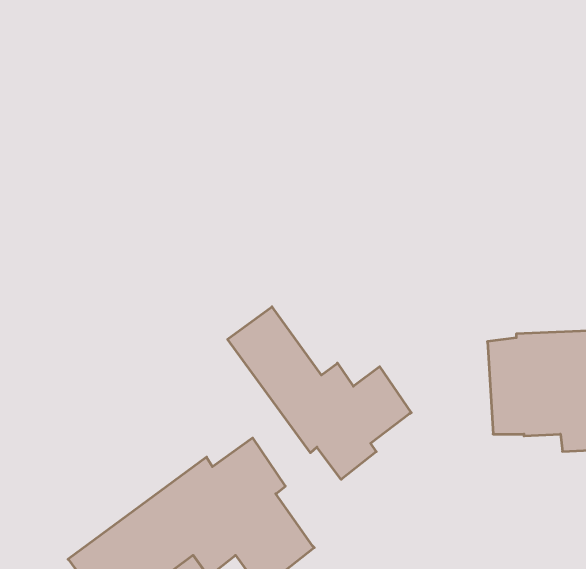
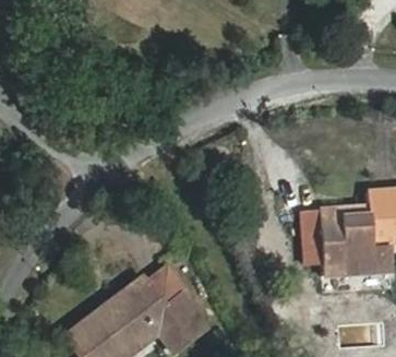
building: [228,307,411,479] -> none

